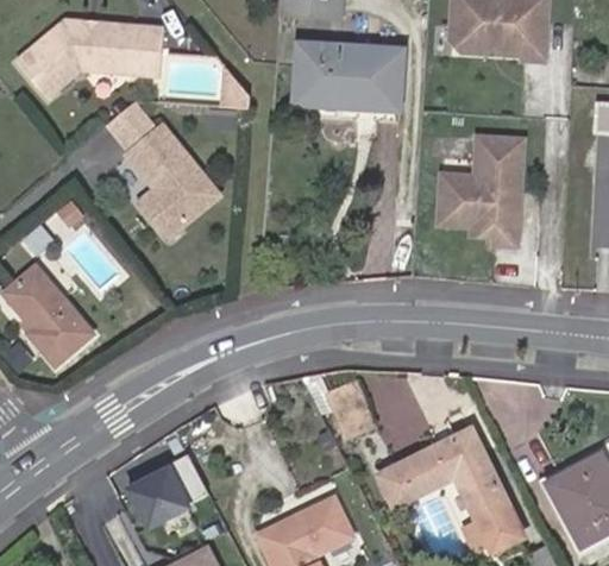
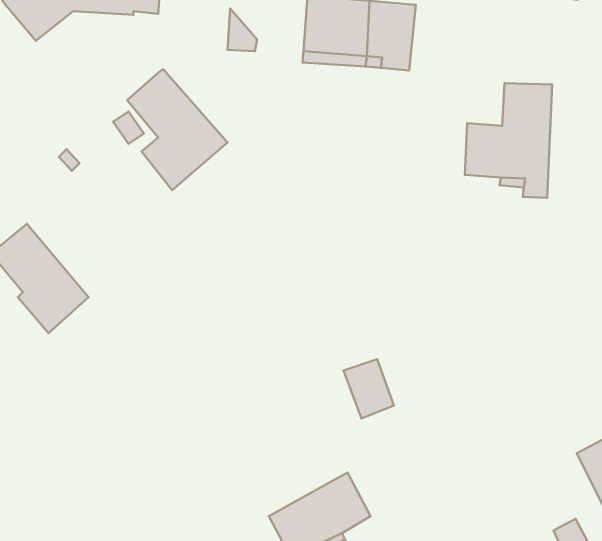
building: [103,98,158,152] -> none
building: [377,426,520,541] -> none
building: [115,452,212,529] -> none

